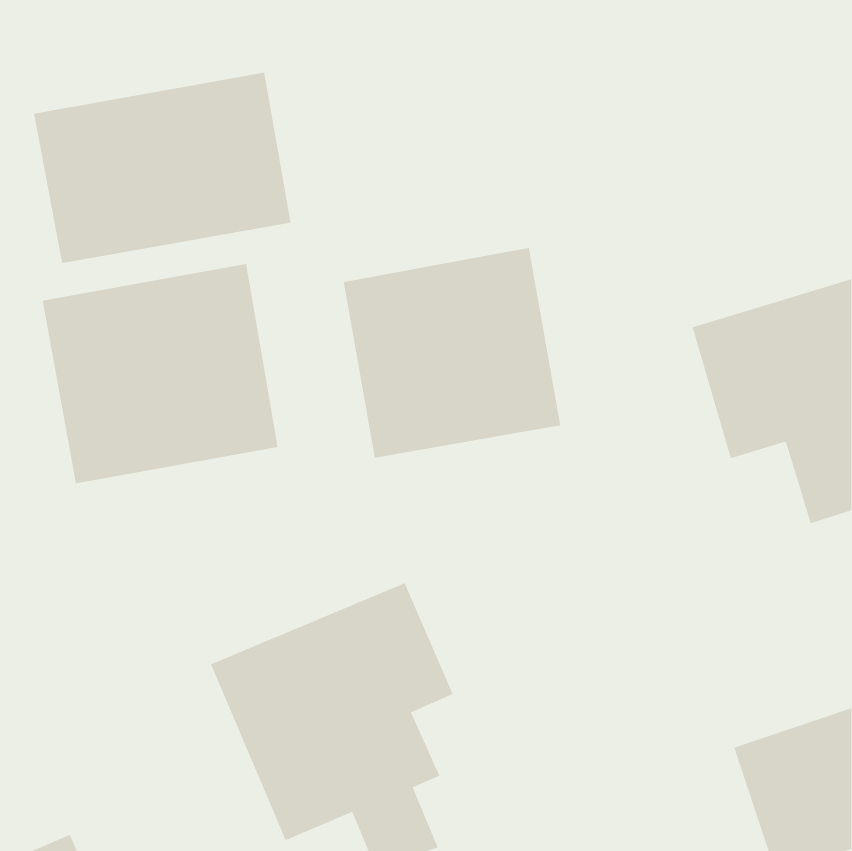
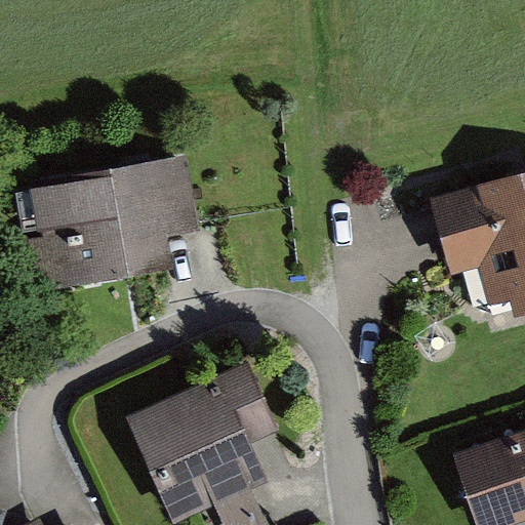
building: [34,72,291,264] -> none
building: [343,247,561,459] -> none

